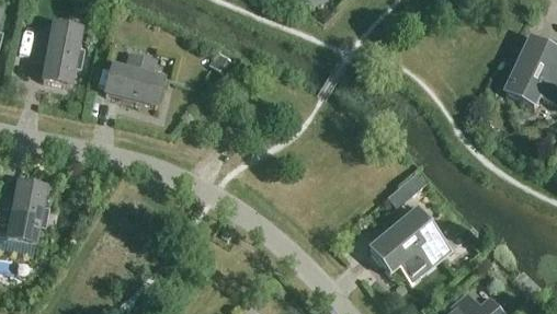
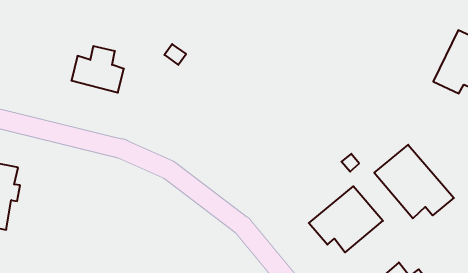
building: [34,22,84,82] -> none
building: none -> [374,145,454,218]

